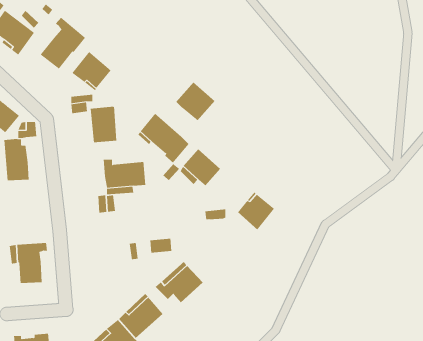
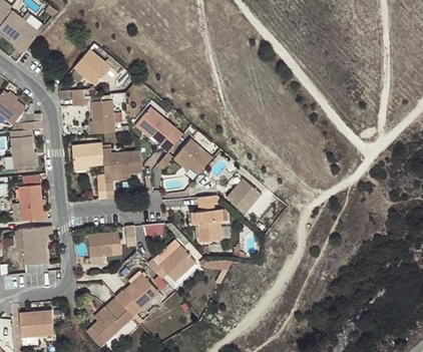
building: [40,17,86,70] -> none
building: [175,82,216,121] -> none
building: none -> [71,142,103,166]
building: none -> [18,184,47,221]
building: none -> [195,210,223,242]
building: none -> [87,233,121,257]

